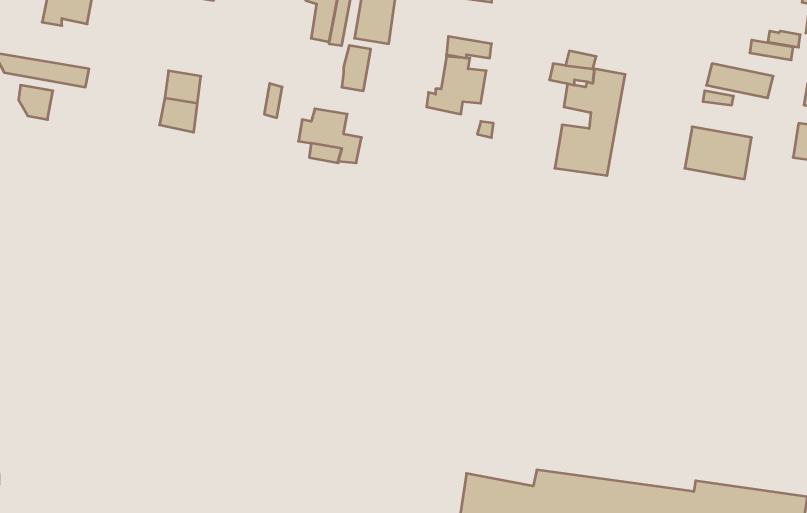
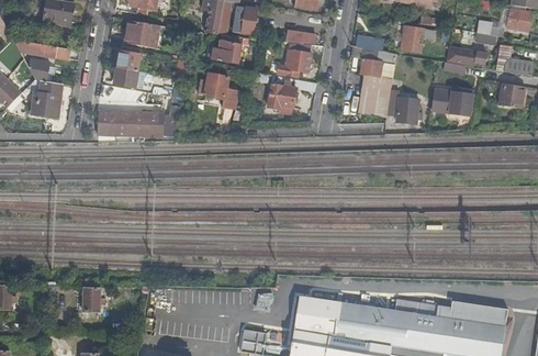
building: none -> [123,19,160,48]
building: none -> [400,26,423,52]
building: none -> [35,80,60,116]
building: none -> [266,82,295,109]
building: none -> [395,97,418,123]
building: none -> [97,105,178,136]
building: none -> [82,288,104,311]

